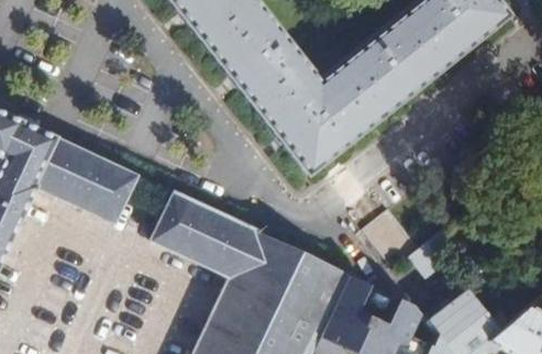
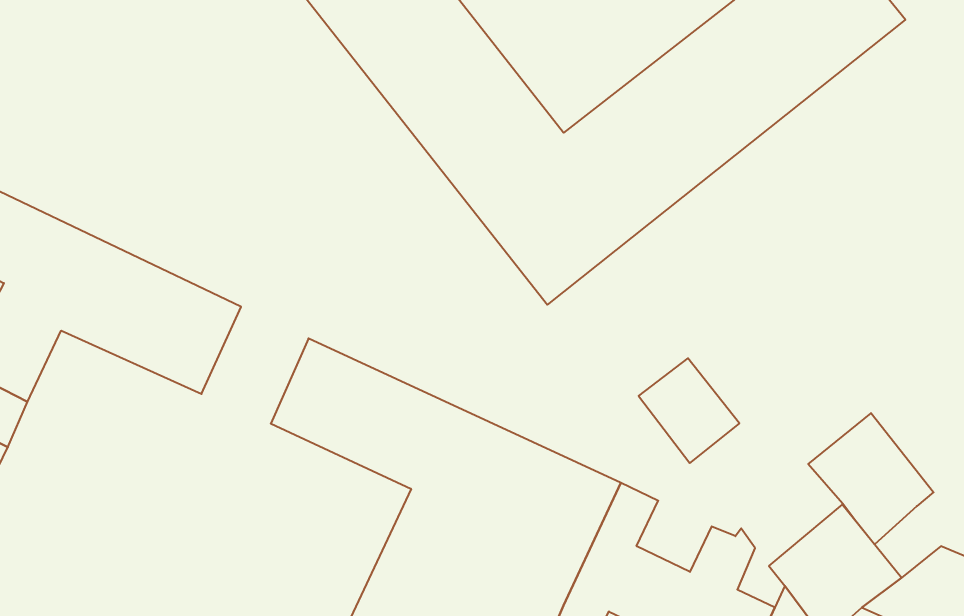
building: none -> [808,413,934,544]

